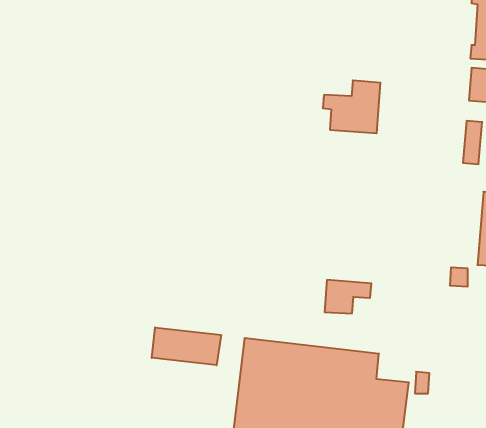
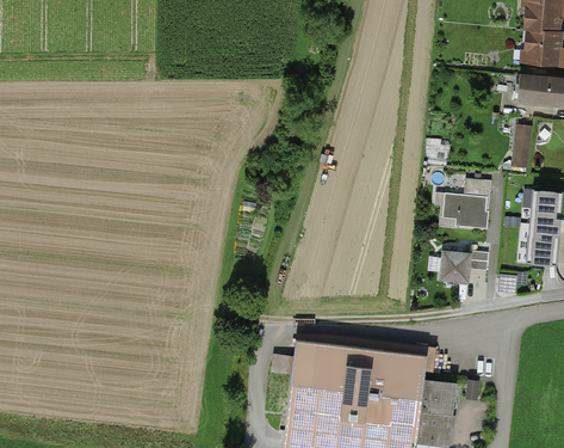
building: [323,80,380,133] -> [433,177,490,229]
building: [325,280,371,313] -> [439,250,485,283]
building: [152,327,221,365] -> none

